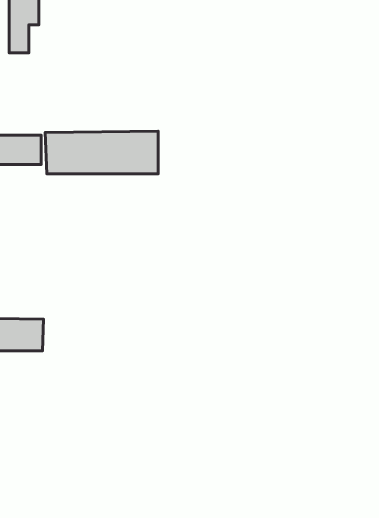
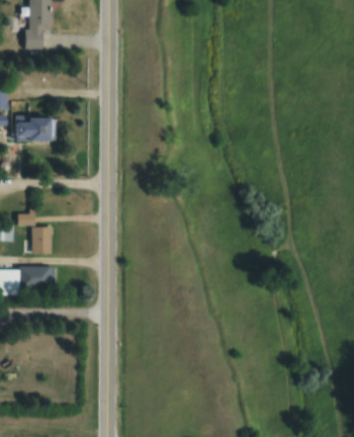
building: [45,131,158,174] -> none
building: none -> [32,228,53,254]

